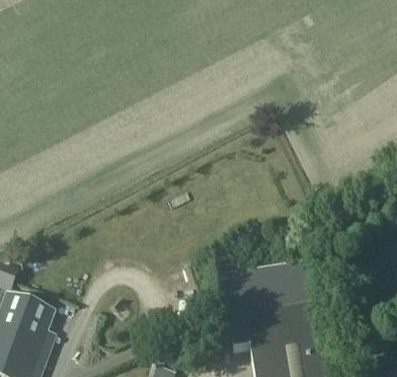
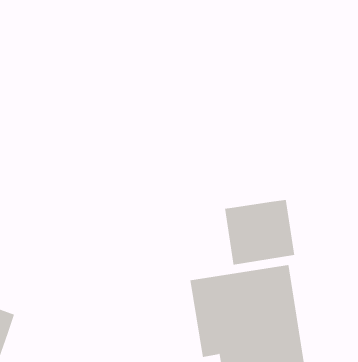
building: none -> [224,199,295,265]

